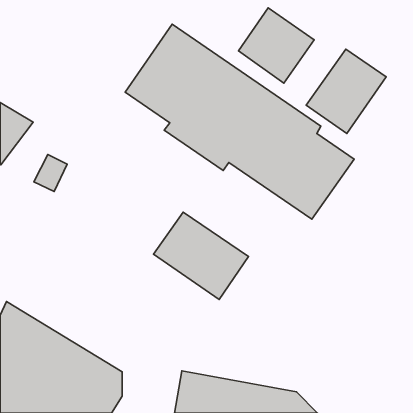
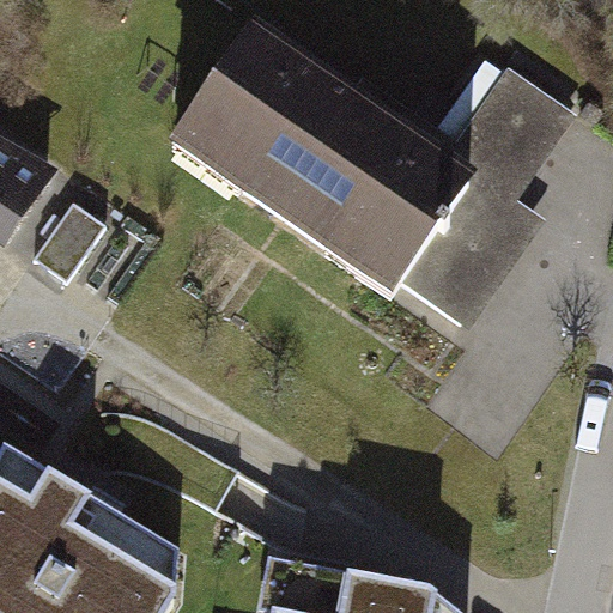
building: [239,8,314,83] -> none
building: [153,212,249,299] -> none

